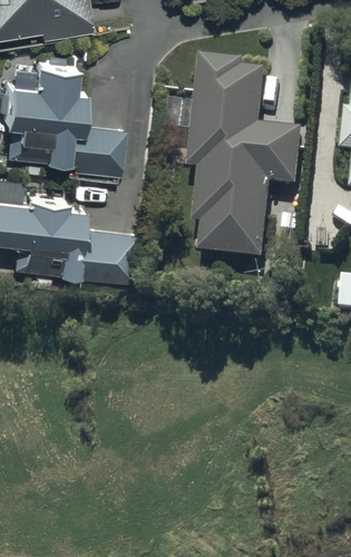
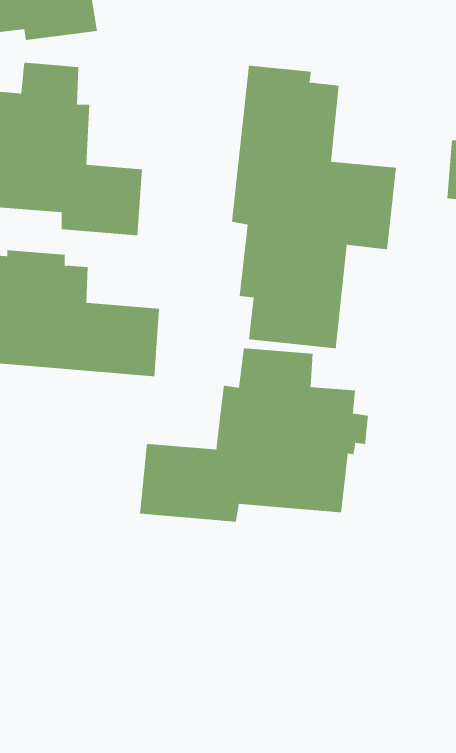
building: none -> [140,348,369,522]

